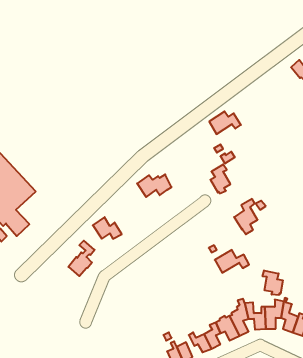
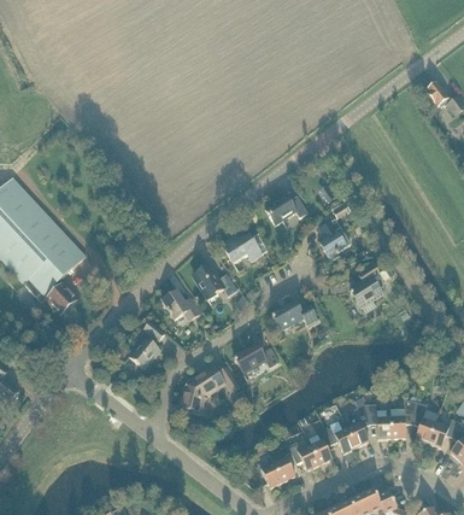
building: [209,111,241,134] -> [265,195,307,226]
building: none -> [193,267,236,299]
building: [215,250,249,273] -> [270,300,316,330]
building: none -> [233,344,277,373]
building: [263,270,283,295] -> none
building: none -> [180,367,237,411]

